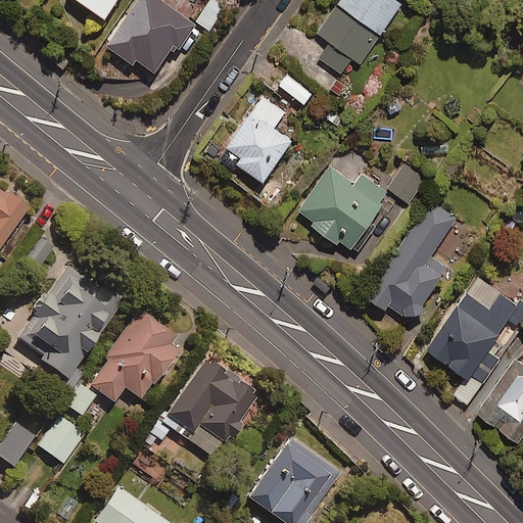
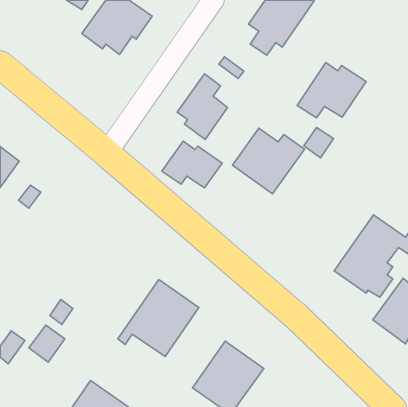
building: none -> [297,63,366,118]
building: none -> [162,141,222,188]
building: [368,201,457,320] -> none
building: [17,257,121,378] -> none
building: [86,311,178,402] -> none

